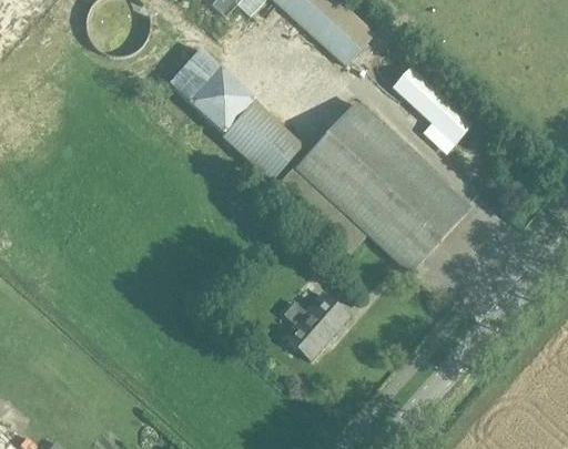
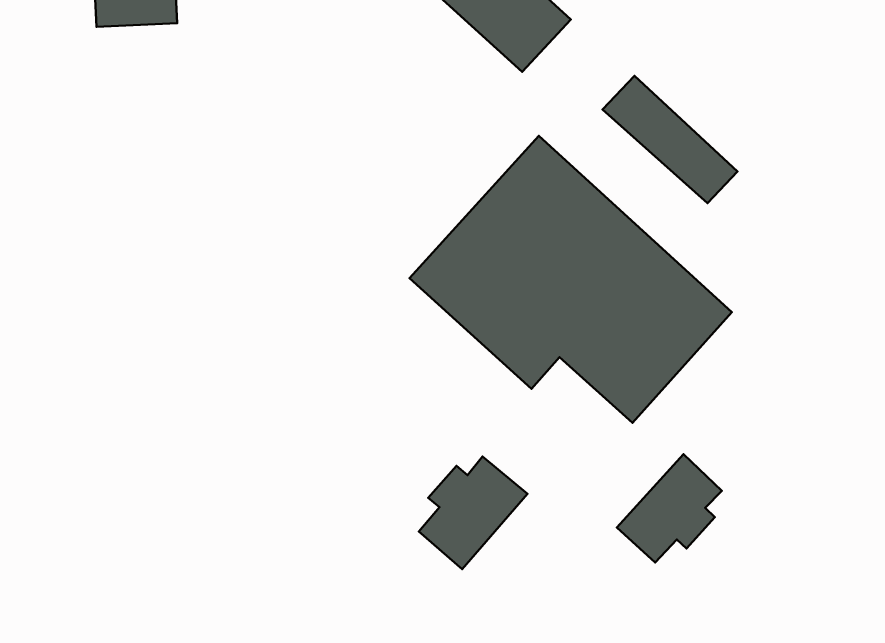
building: [170,48,303,180] -> none
building: none -> [617,454,722,563]

